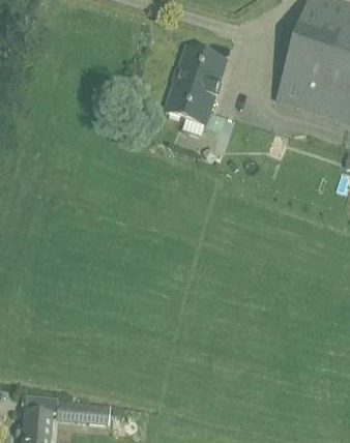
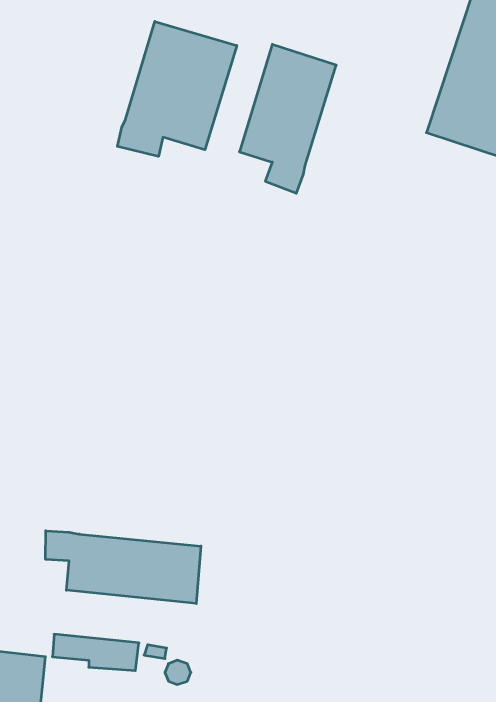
building: none -> [117,21,237,156]
building: none -> [46,531,201,604]

